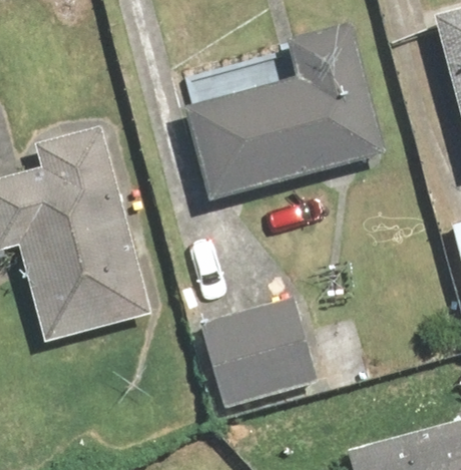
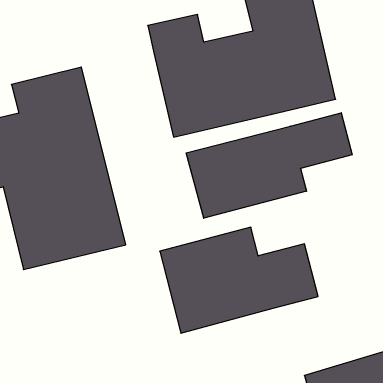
building: none -> [186,113,352,218]

